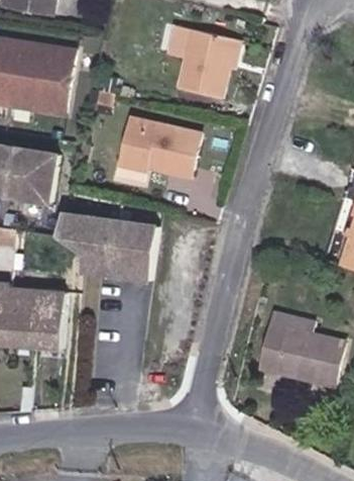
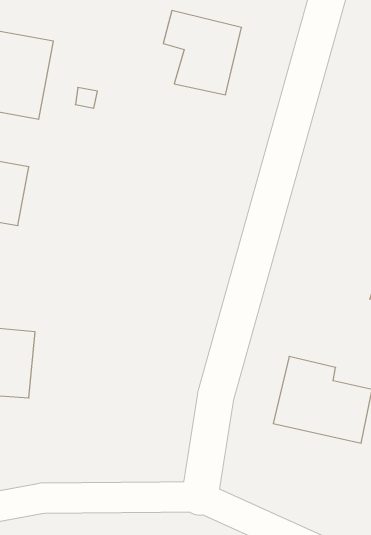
building: [121,120,199,174] -> none
building: [60,214,159,281] -> none

